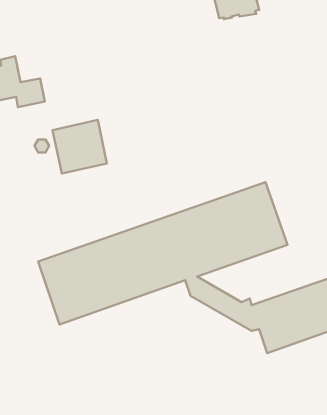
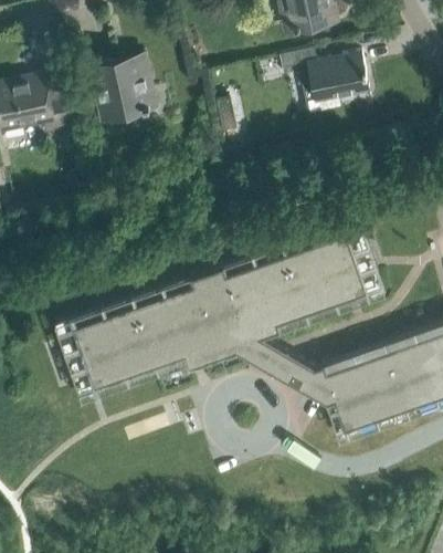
building: none -> [277,49,368,100]
building: [52,120,107,174] -> [89,54,155,118]

